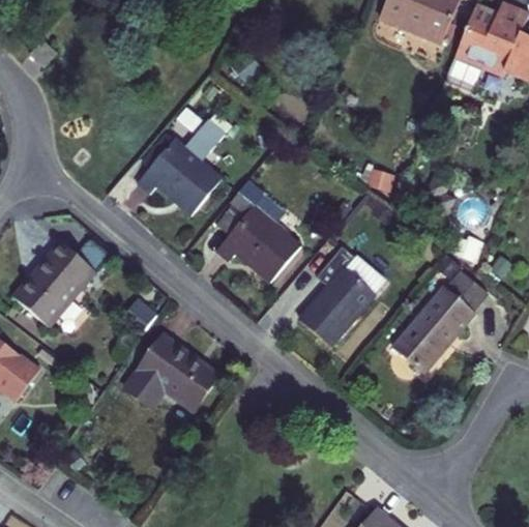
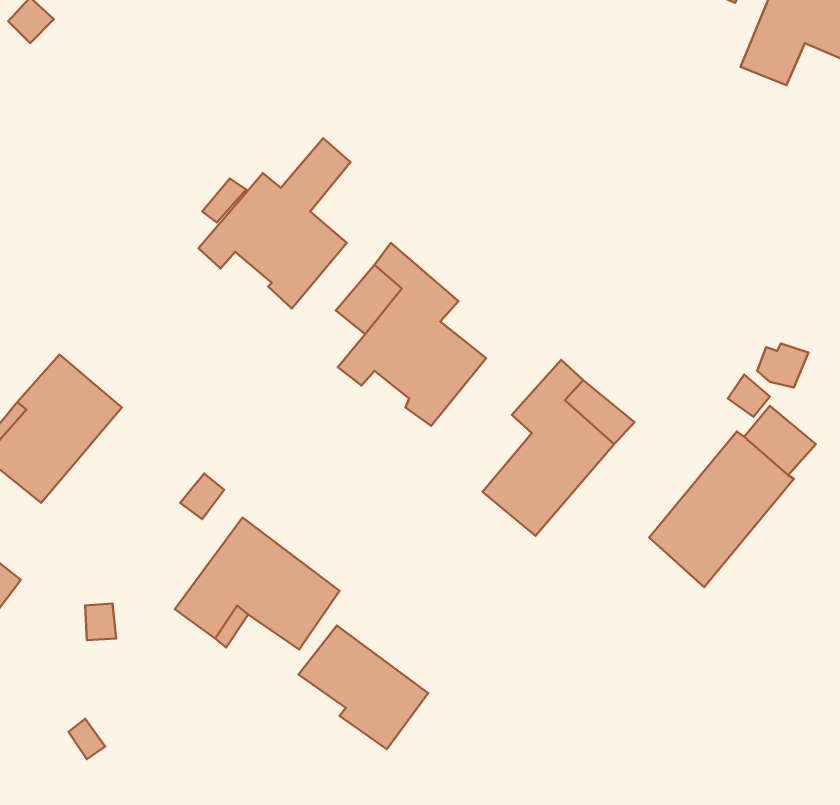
building: none -> [299,625,428,749]

